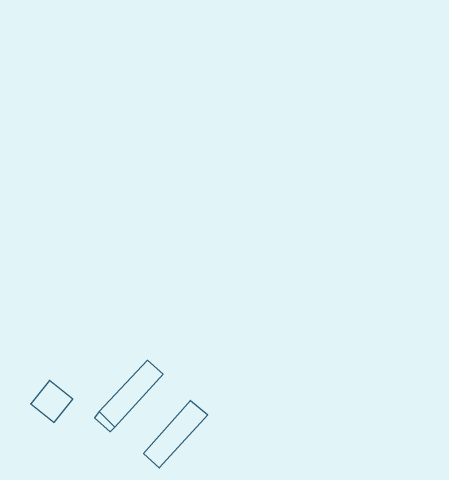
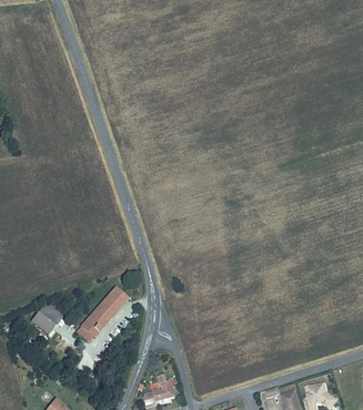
building: [144,400,208,468] -> none

